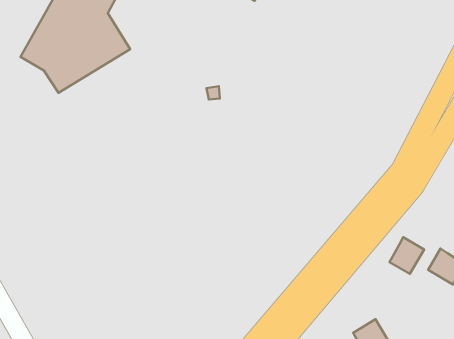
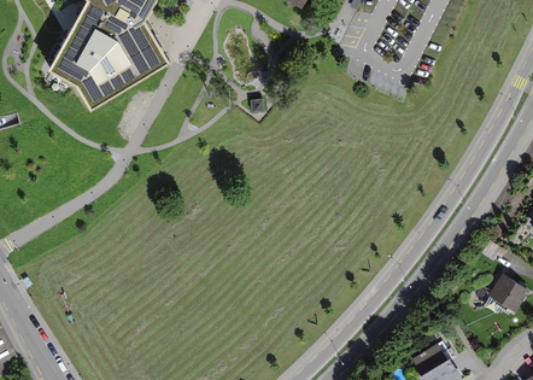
building: [390,237,424,274] -> none

